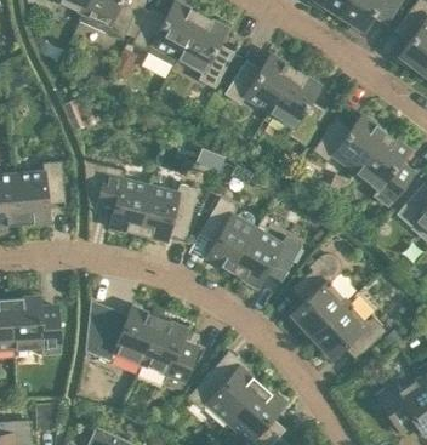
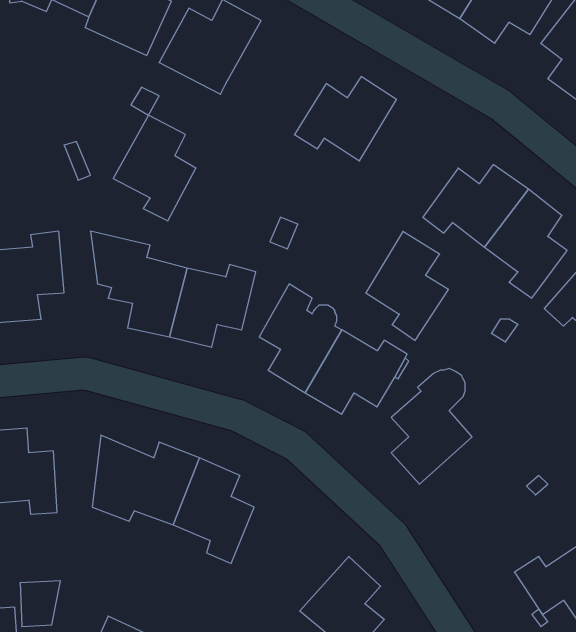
building: [177,16,234,89] -> [113,115,196,221]
building: [269,70,326,146] -> [366,231,448,340]
building: [311,303,386,359] -> none
building: [187,366,262,423] -> none

